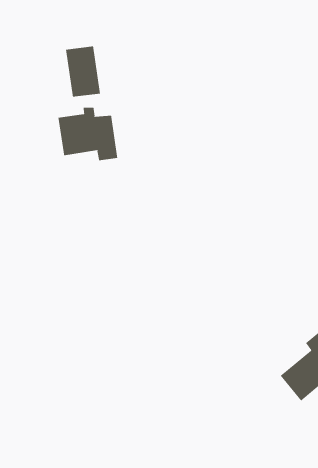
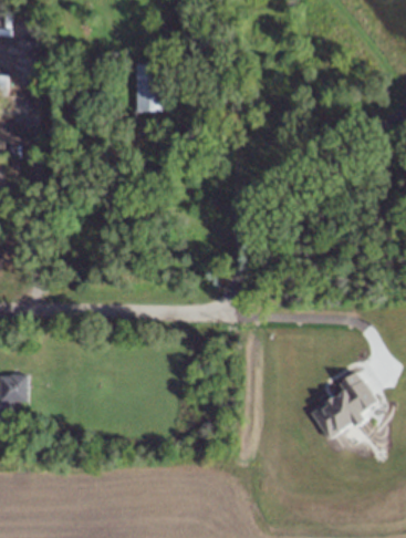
building: [58,107,118,161] -> none

